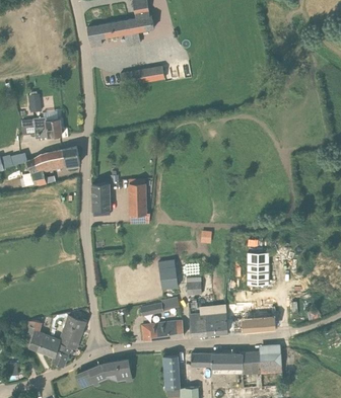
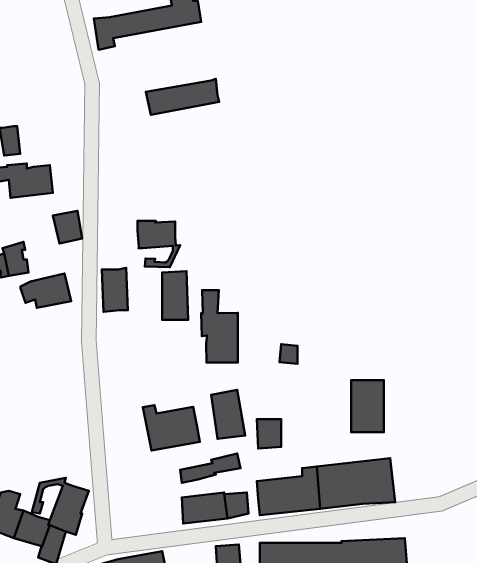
building: [35,150,66,171] -> [21,273,71,308]
building: none -> [137,221,180,267]
building: none -> [201,290,238,362]
building: none -> [143,405,200,450]

